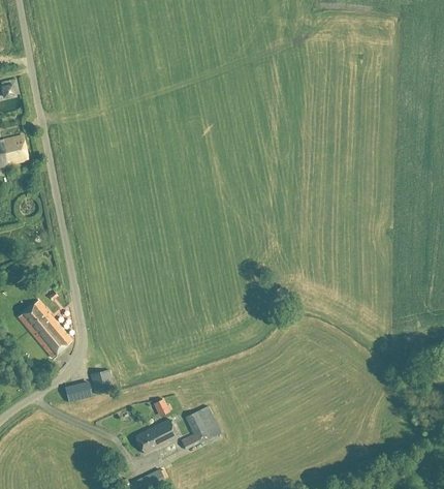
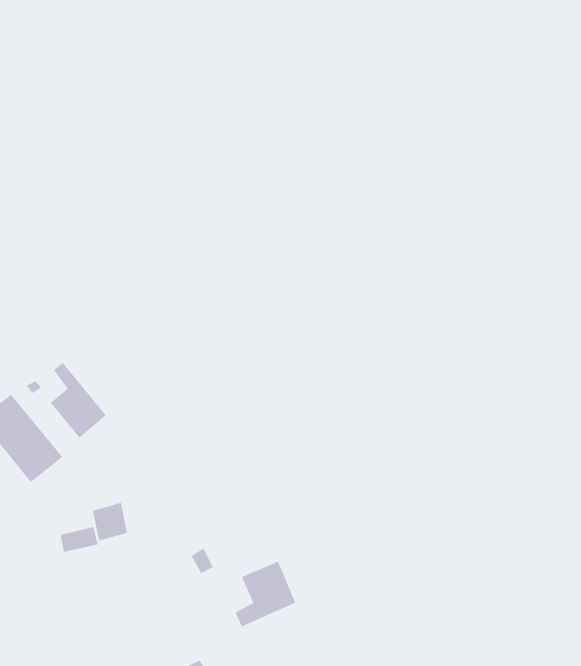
building: none -> [50,362,106,438]
building: [135,419,177,453] -> none

